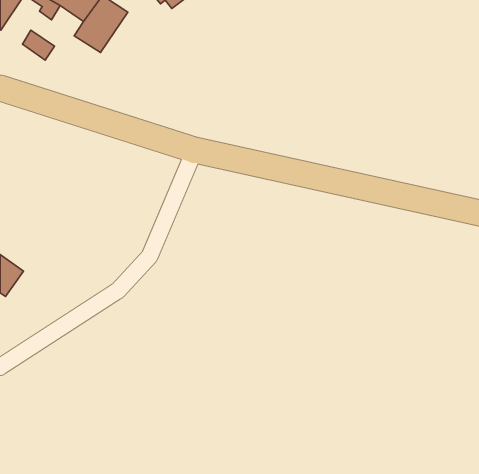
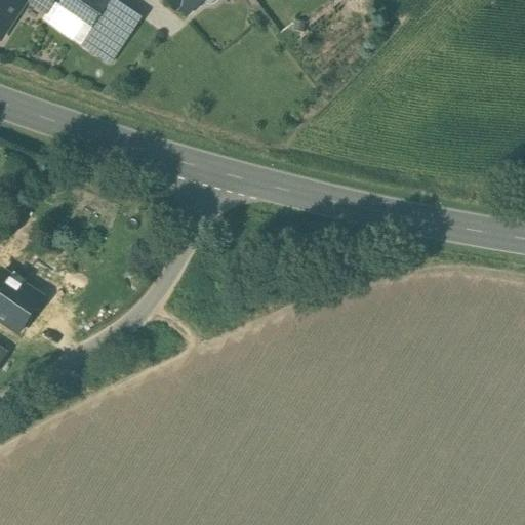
building: [23,30,54,60] -> [57,6,92,39]

